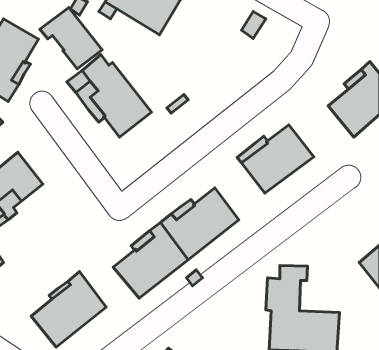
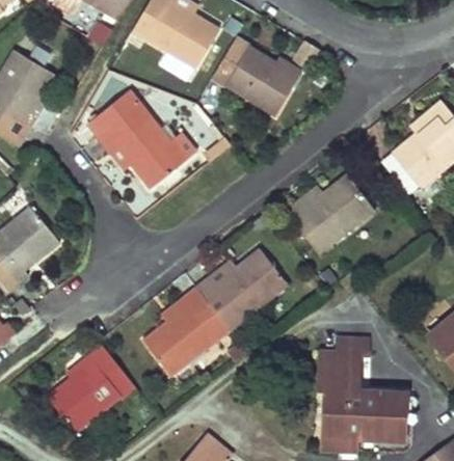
building: none -> [213,36,302,115]
building: [40,8,102,69] -> none

